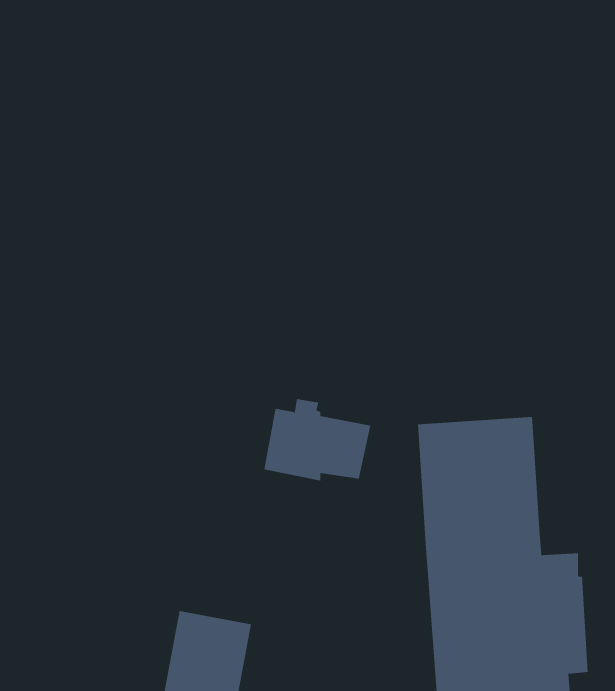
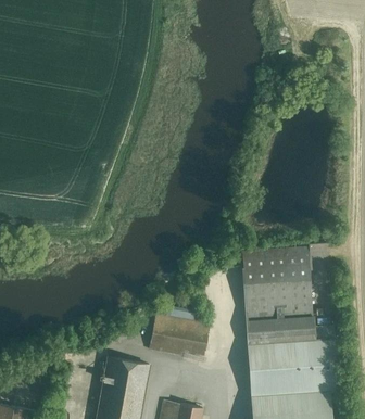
building: [263,399,371,481] -> [149,309,210,356]

